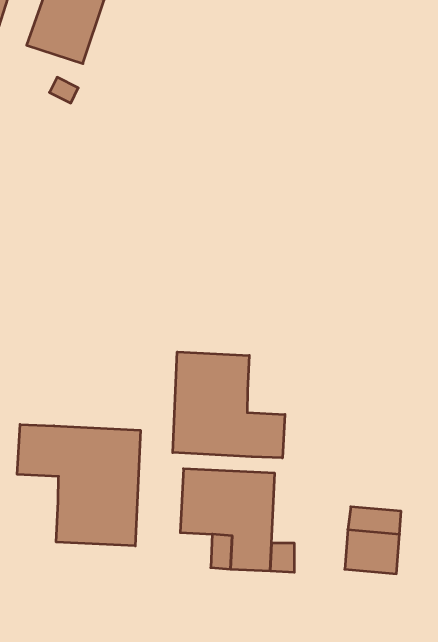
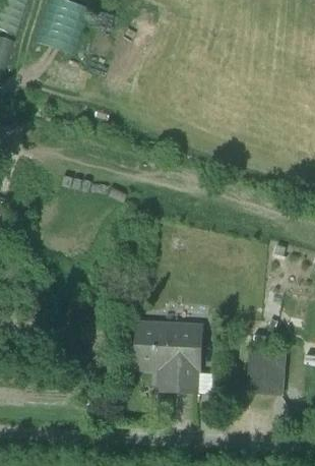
building: [173,352,285,458] -> none
building: [17,424,140,546] -> none

